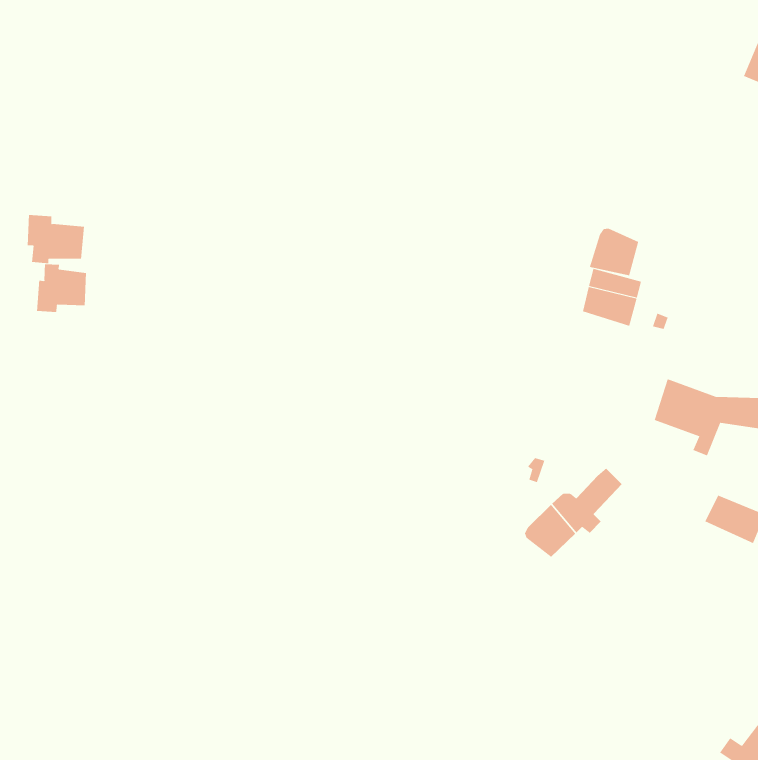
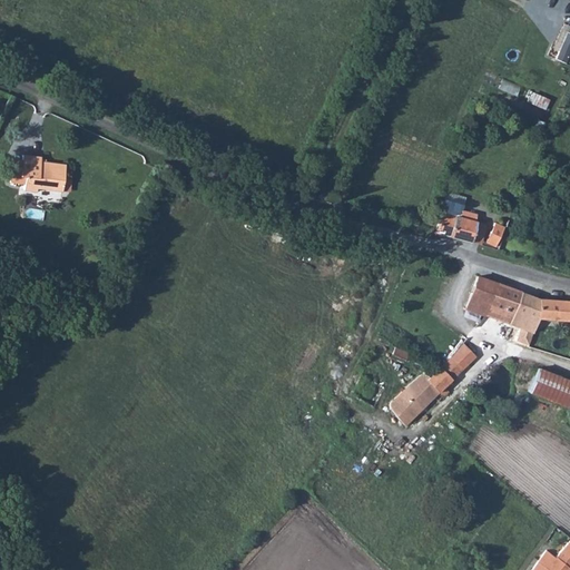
building: [589,228,639,276] -> none
building: [36,264,87,313] -> none
building: none -> [470,277,501,315]

